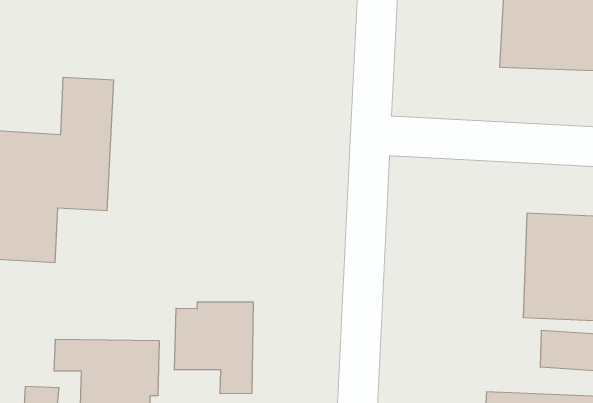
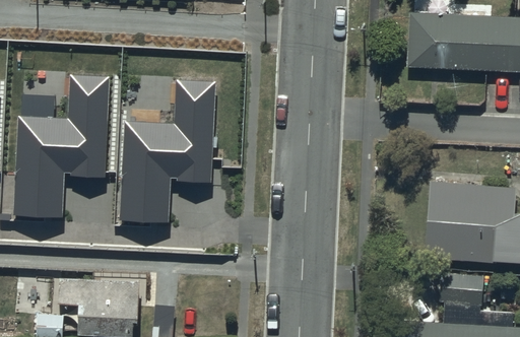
building: none -> [120,80,215,223]
building: [174,302,253,394] -> none

